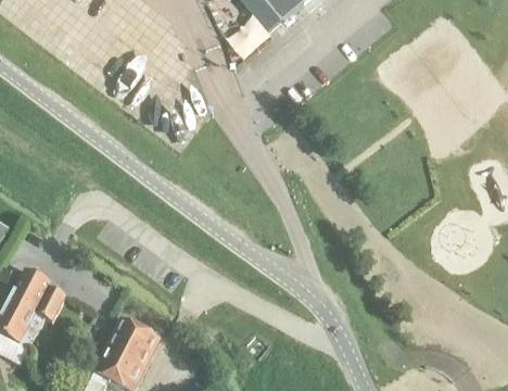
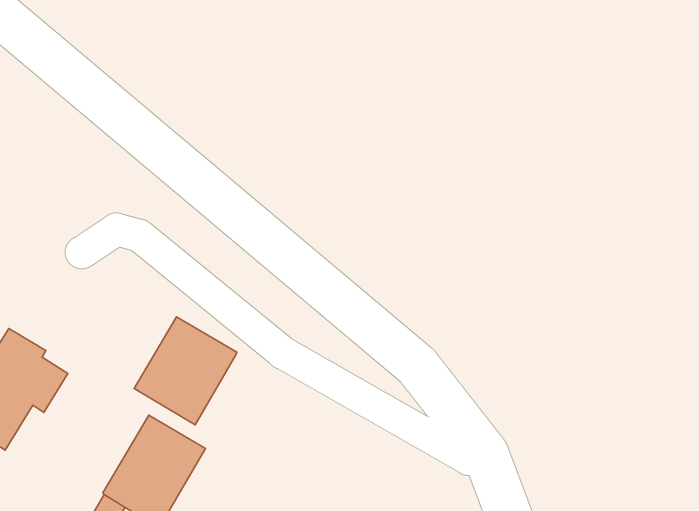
building: none -> [134,317,237,425]

